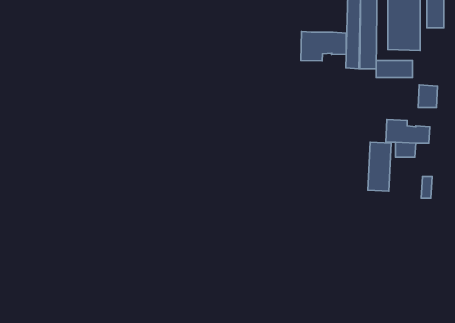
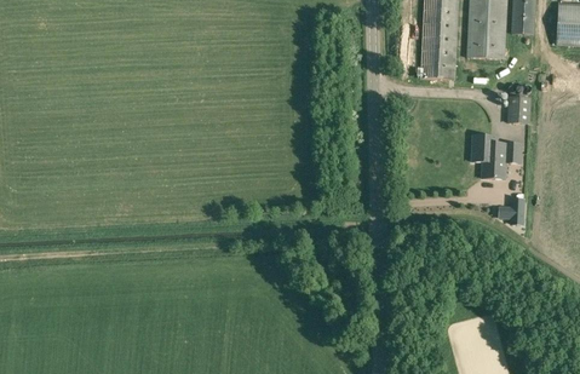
building: [301,31,346,61] -> none
building: [376,60,412,77] -> none
building: [368,142,391,191] -> none

